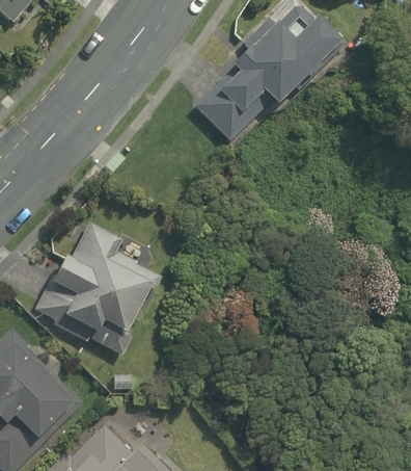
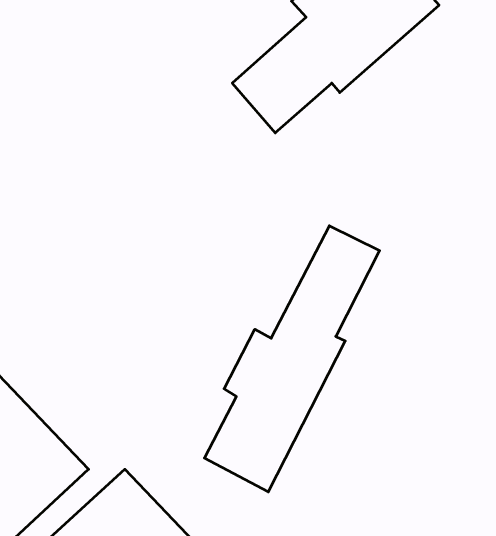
building: none -> [204,226,380,492]
building: [36,218,160,358] -> none

